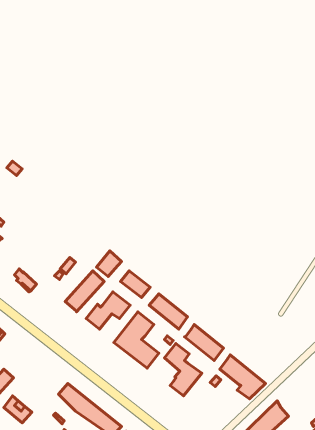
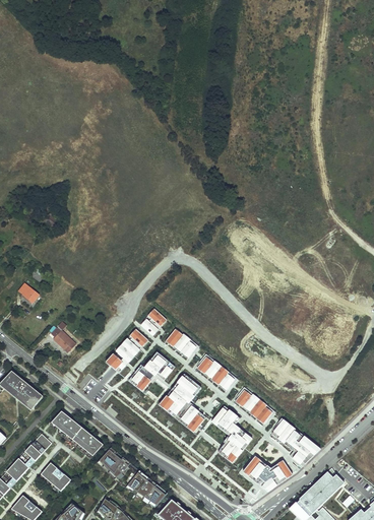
building: none -> [52,411,102,456]
building: none -> [242,456,292,491]

